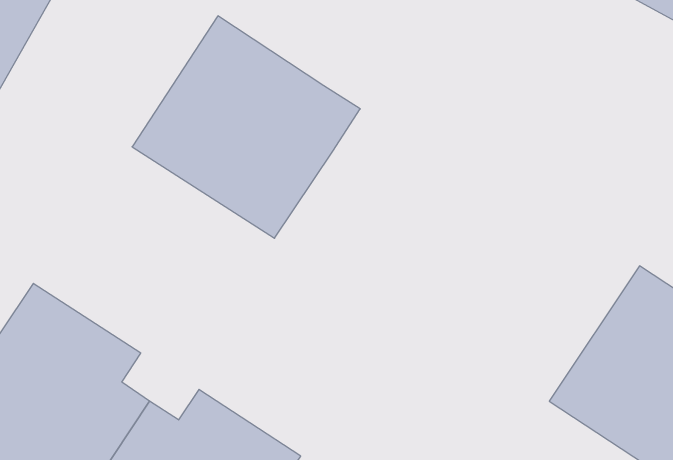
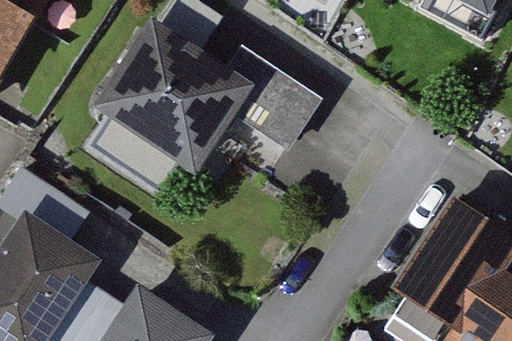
building: none -> [231,47,326,151]

